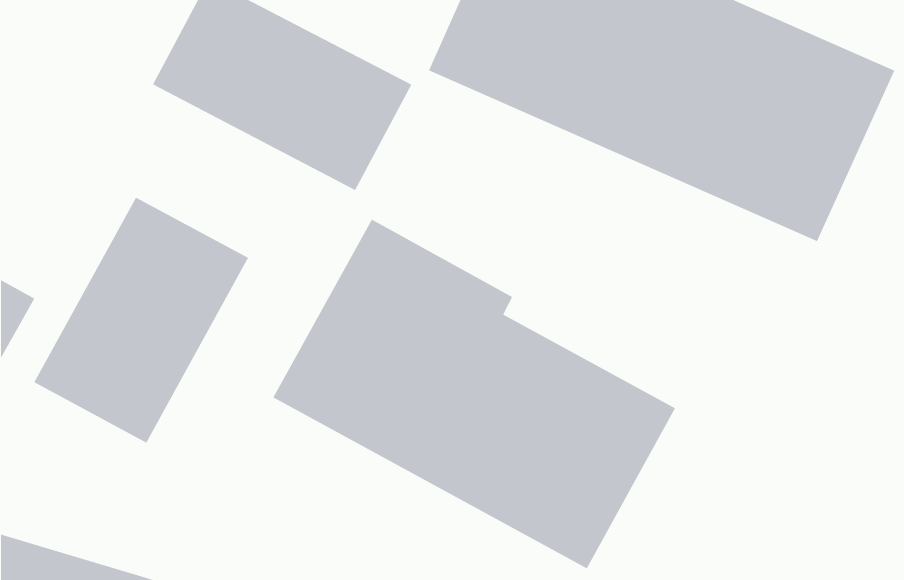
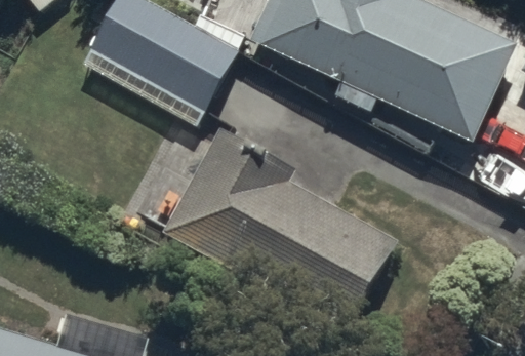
building: [34,197,249,443] -> none

